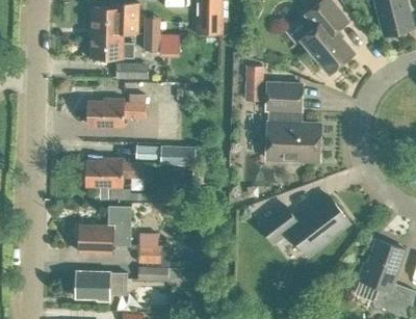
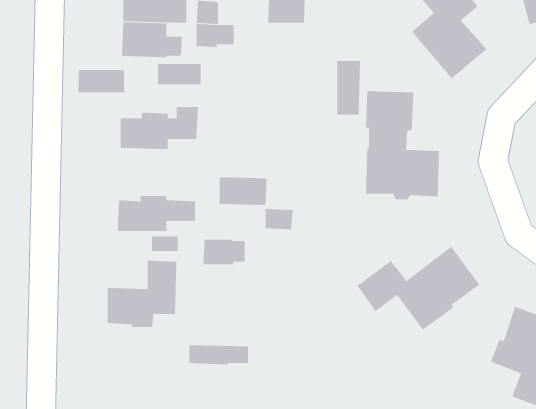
building: none -> [78,69,125,93]
building: [138,244,170,263] -> [203,239,246,265]
building: [76,271,126,299] -> none

